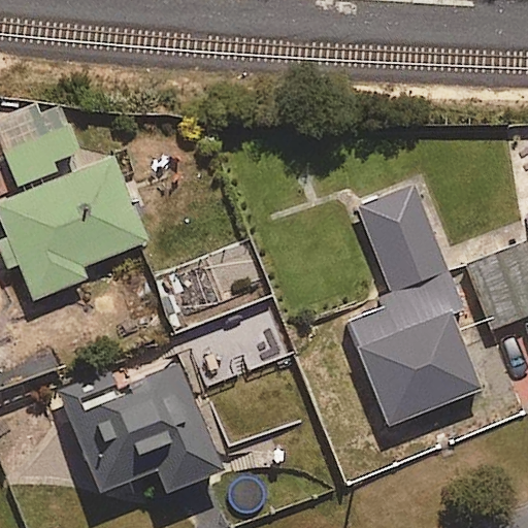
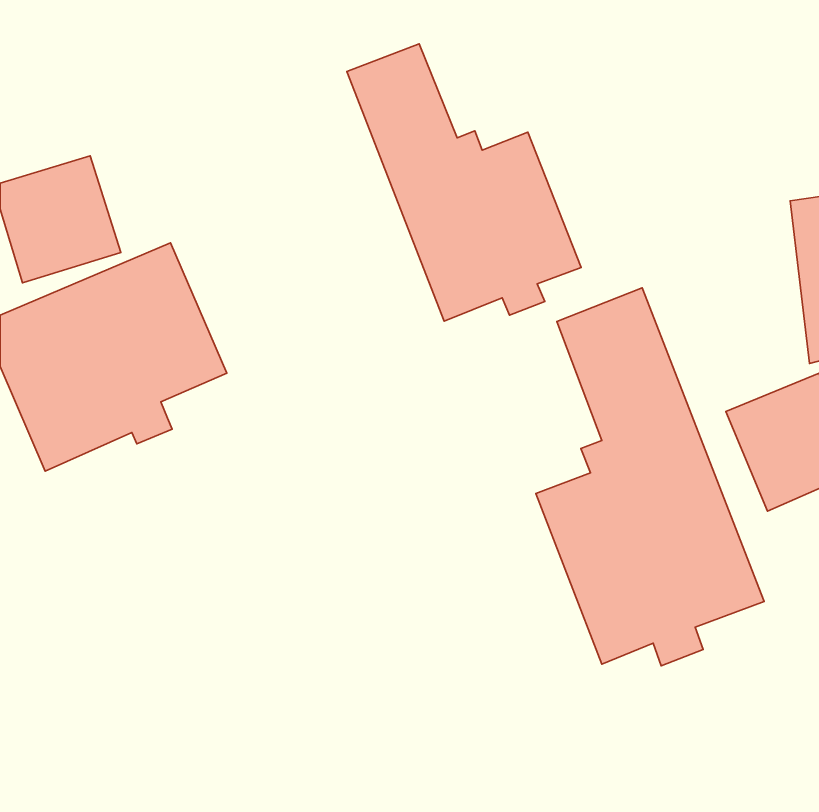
building: none -> [347,44,581,321]
building: [58,365,223,495] -> none

